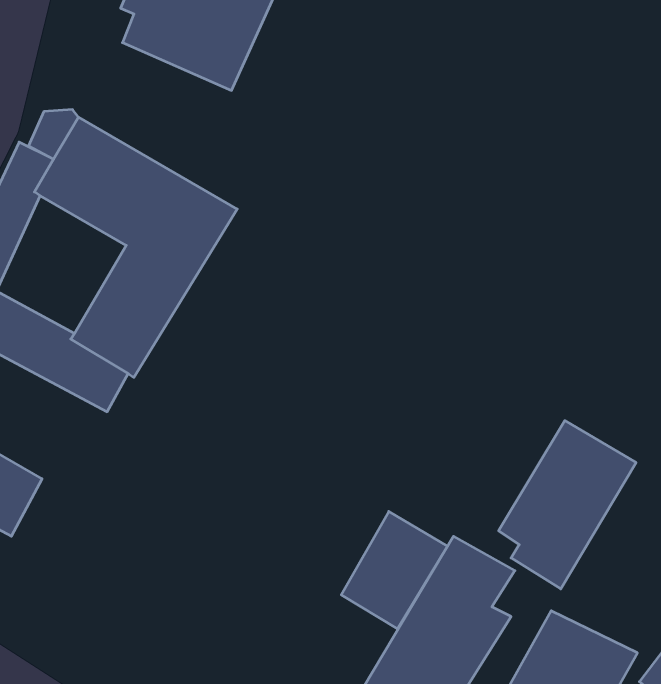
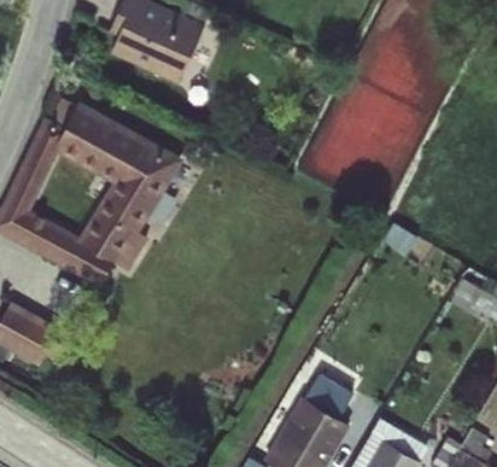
building: [499,421,636,589] -> none
building: [341,511,448,629] -> none

